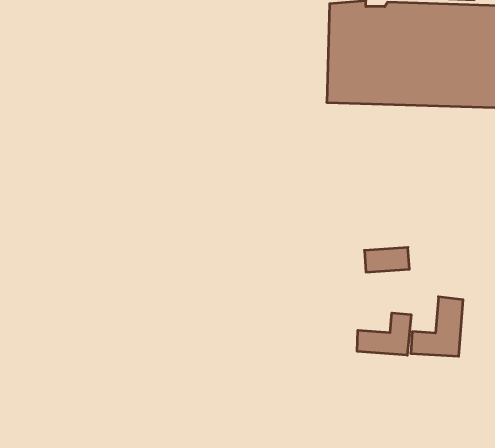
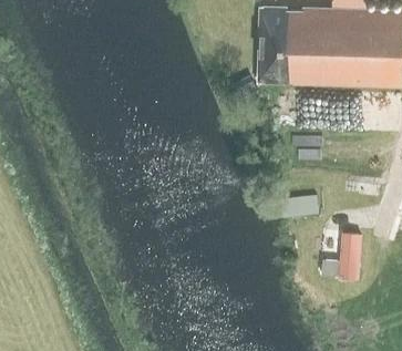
building: [357,313,411,355] -> none

